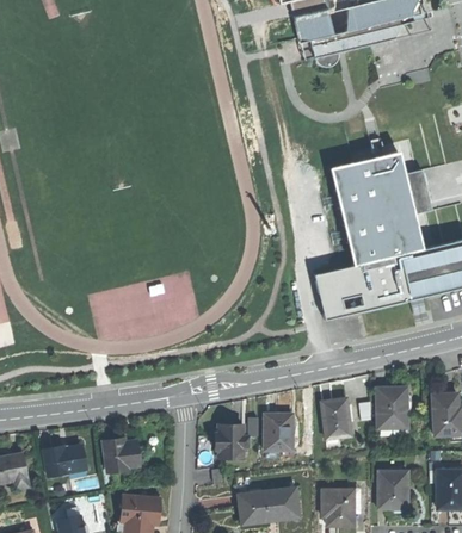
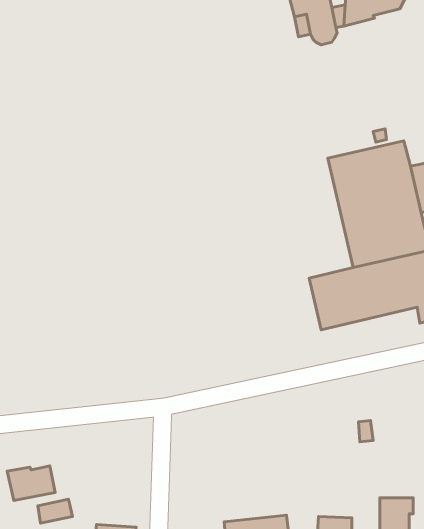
building: [376,386,407,427] -> none
building: [320,399,350,438] -> none
building: [263,414,292,451] -> none
building: [217,424,250,457] -> none
building: [103,438,140,471] -> none

